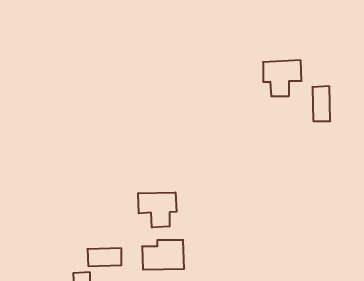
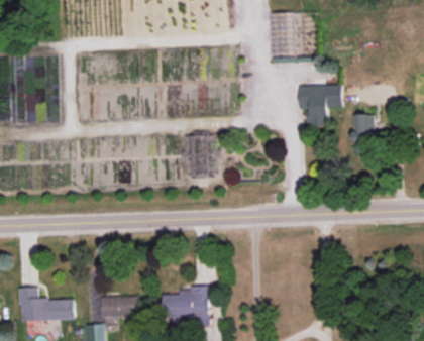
building: [138,192,177,228] -> none
building: none -> [18,288,74,322]

